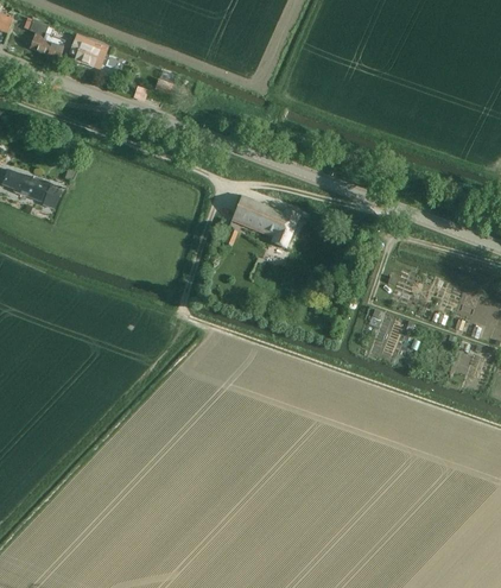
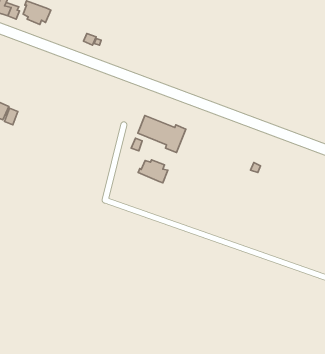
building: none -> [138,160,168,183]

